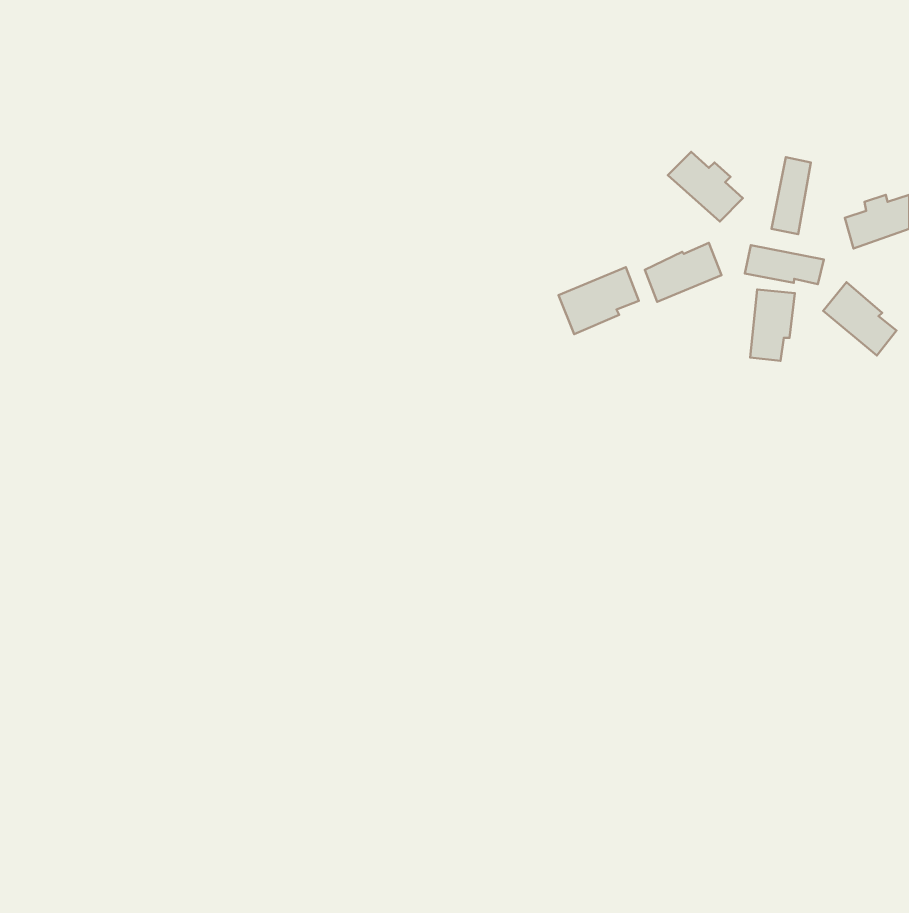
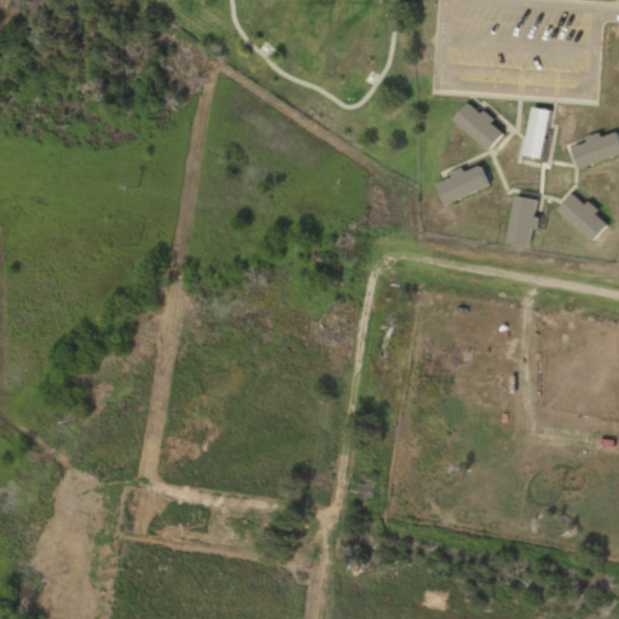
building: [745,245,824,284] -> none
building: [559,267,639,334] -> none

